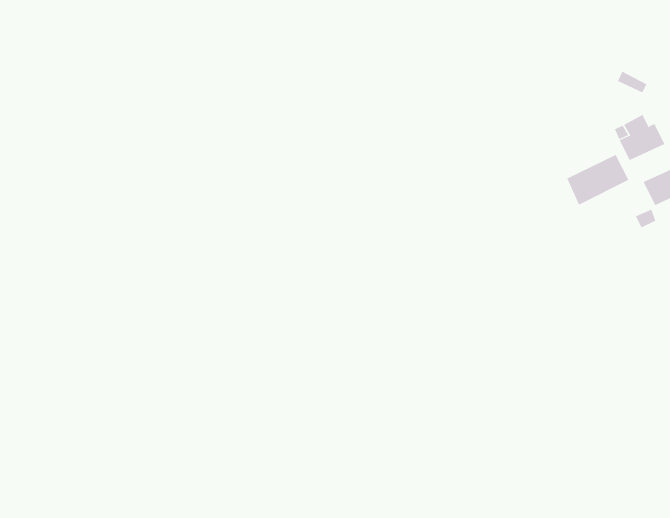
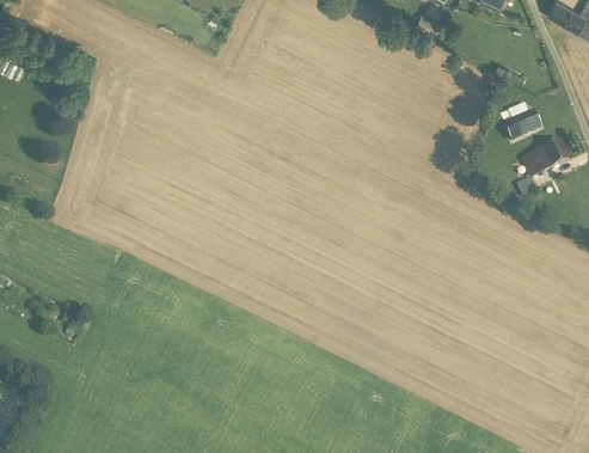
building: [567,154,629,206] -> none

